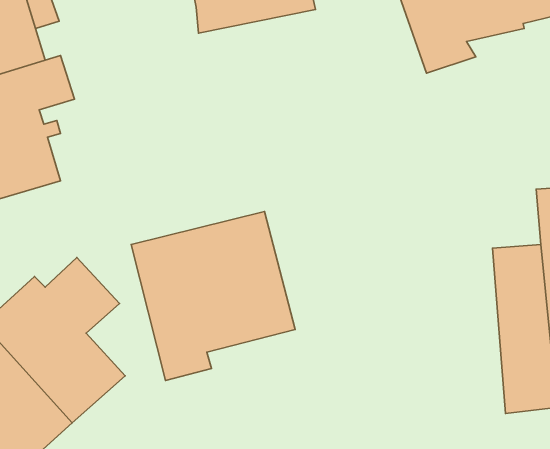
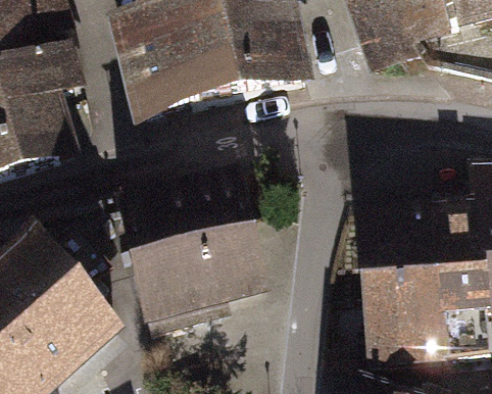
building: none -> [126,11,306,119]
building: none -> [360,219,447,367]

